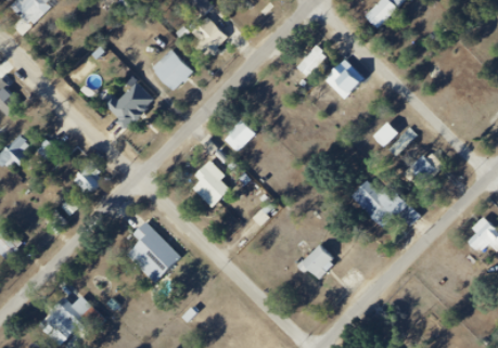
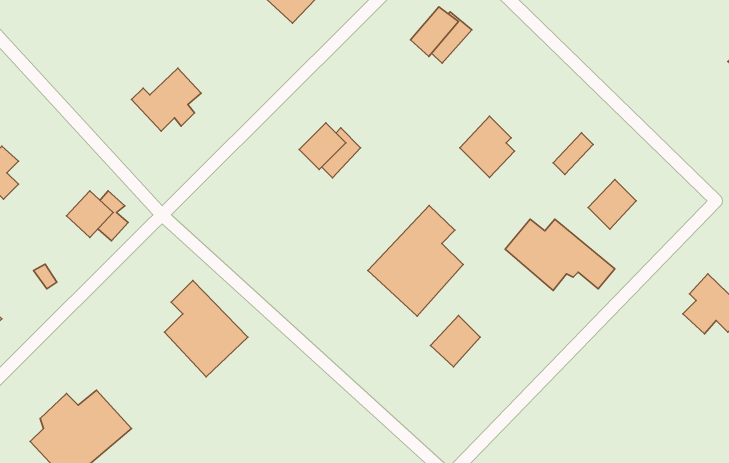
building: [153,49,193,90] -> none
building: [324,59,360,99] -> [460,116,515,178]
building: [194,159,231,208] -> none
building: none -> [368,205,463,316]

